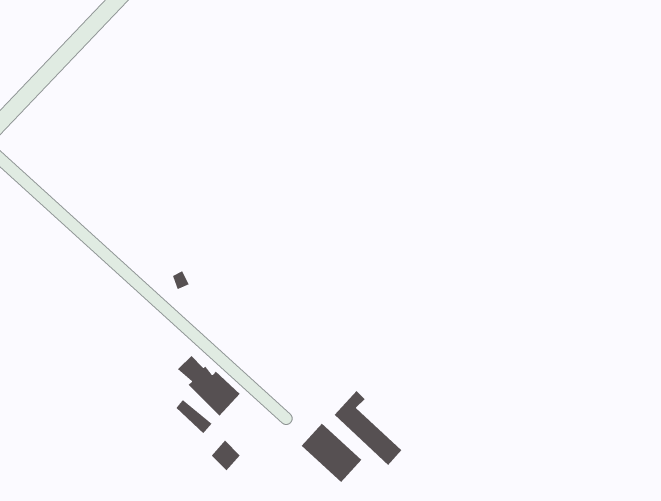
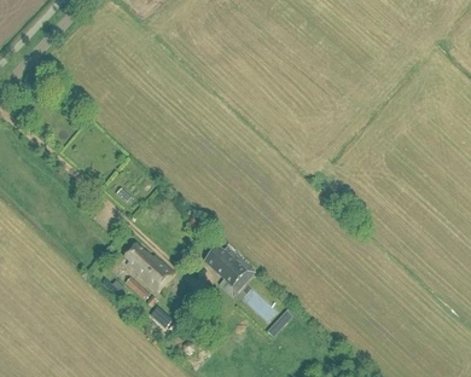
building: [301,423,362,483] -> [198,242,240,283]

